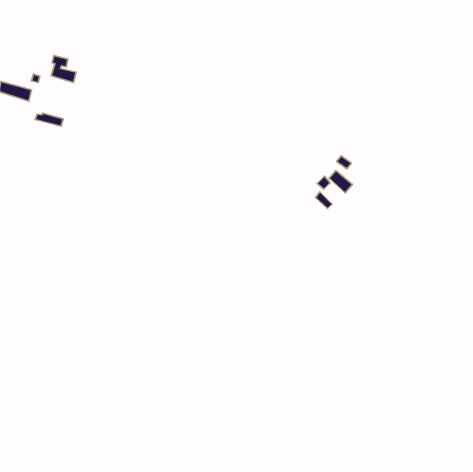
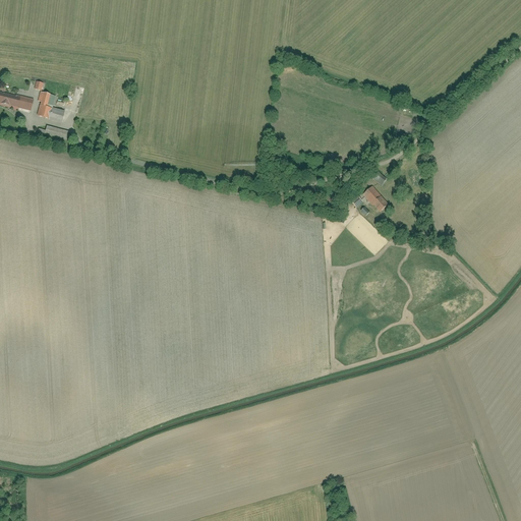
building: [51,56,76,82] -> [38,93,65,122]

